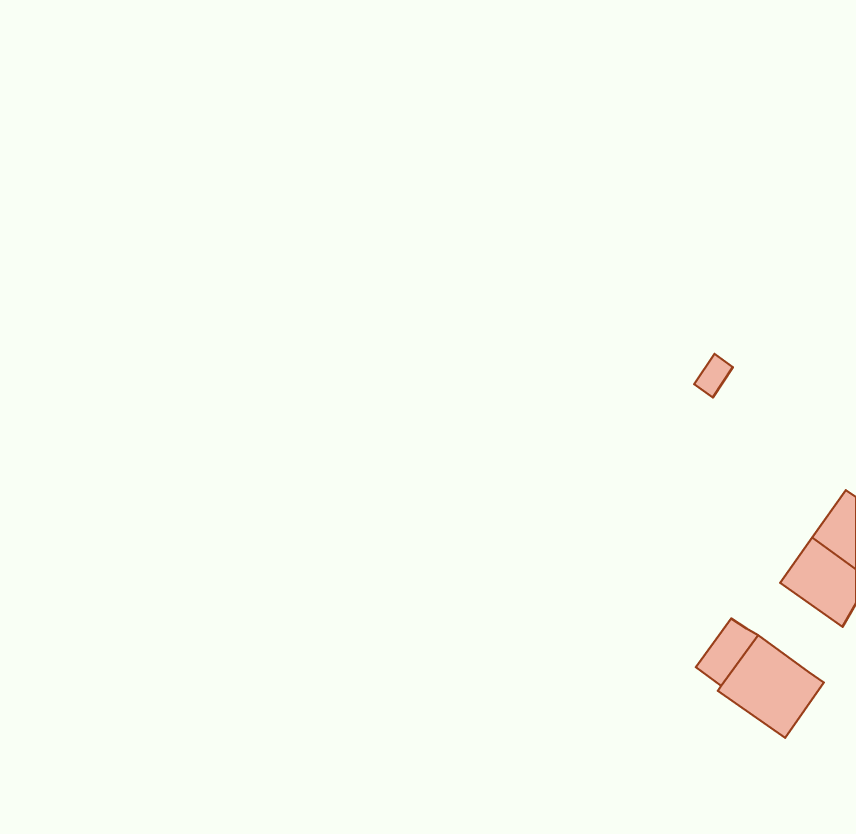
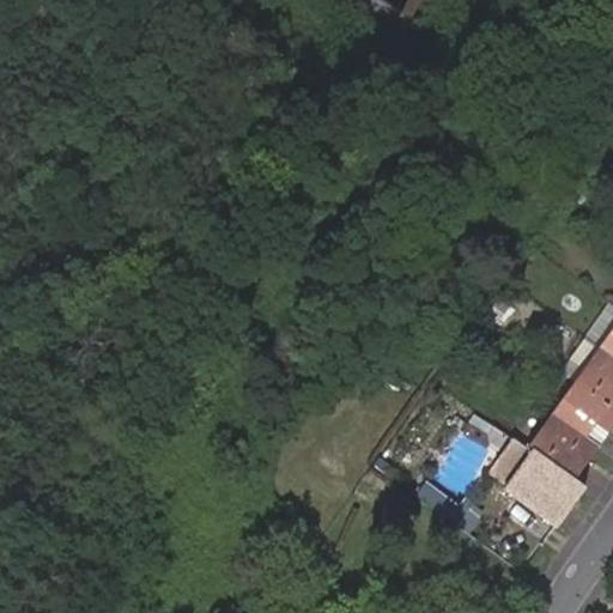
building: none -> [530,414,599,478]

